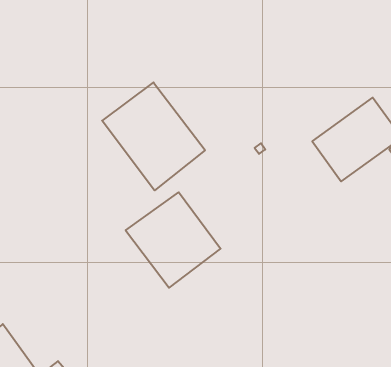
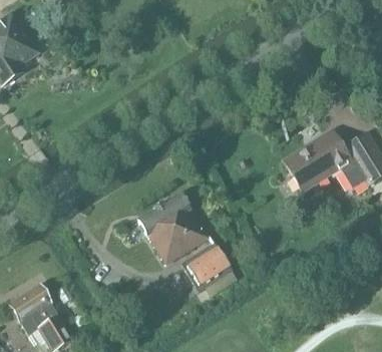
building: [102,82,205,190] -> none
building: none -> [185,246,230,287]

